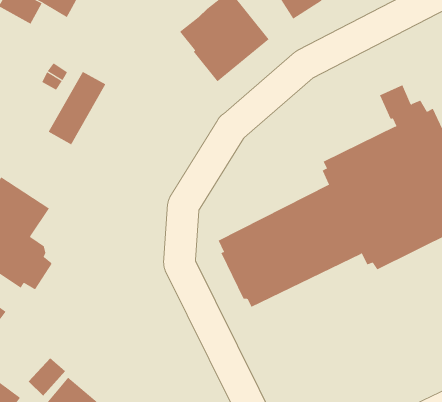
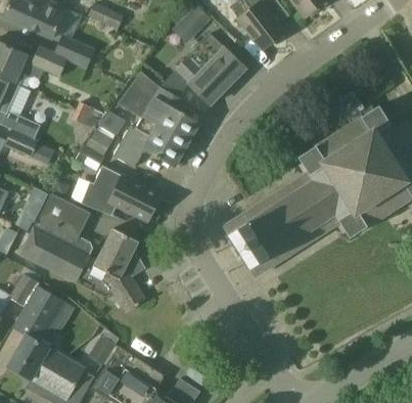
building: none -> [113,73,198,167]
building: none -> [81,165,161,221]
building: none -> [86,227,144,311]

